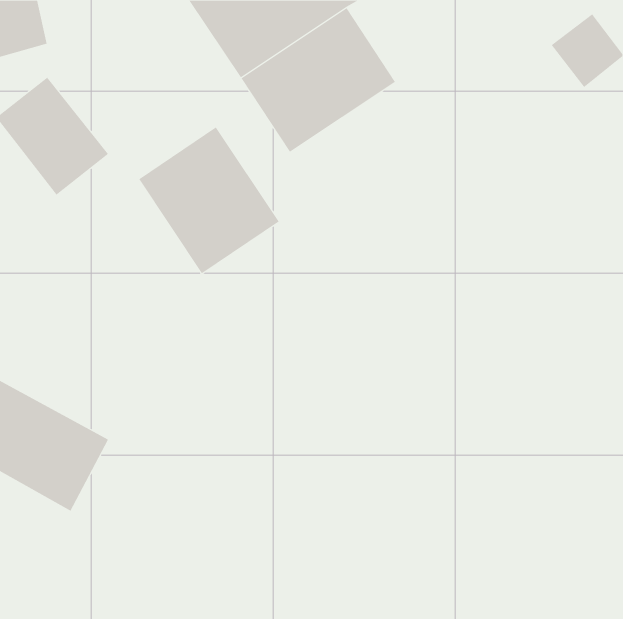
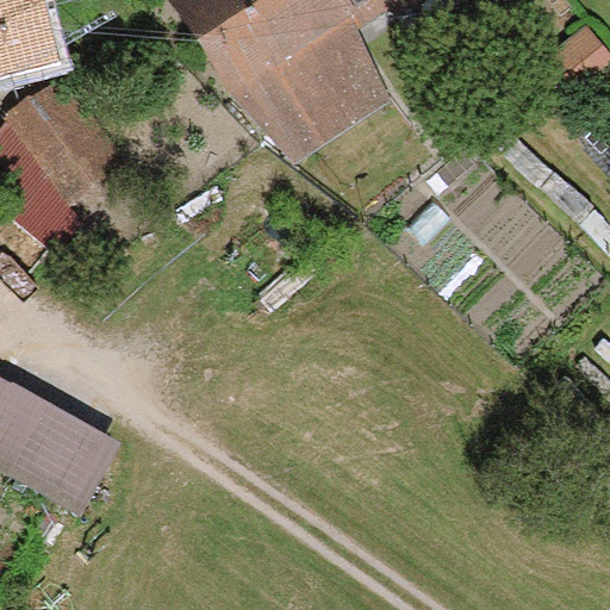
building: [138,127,279,274] -> none

